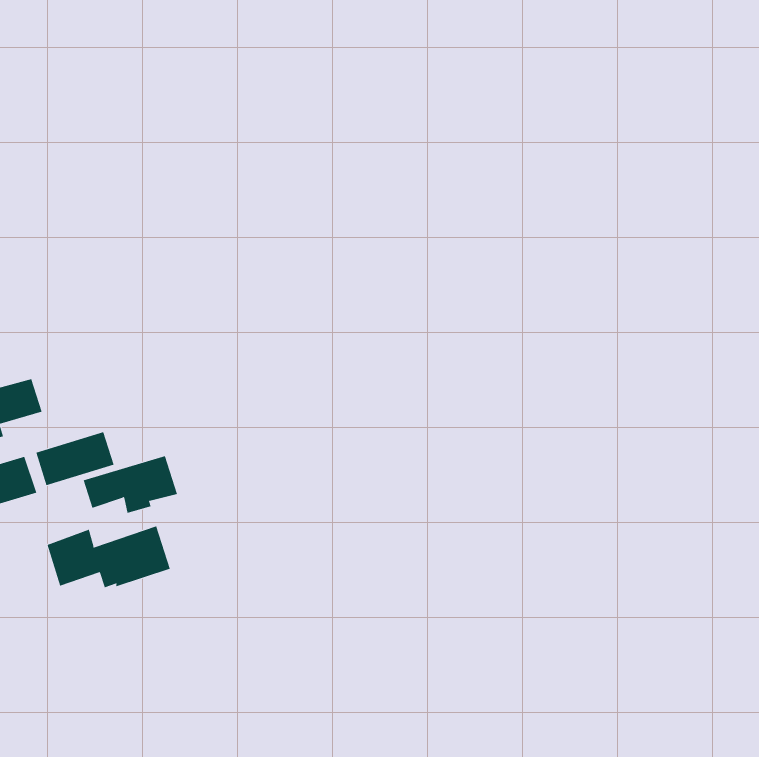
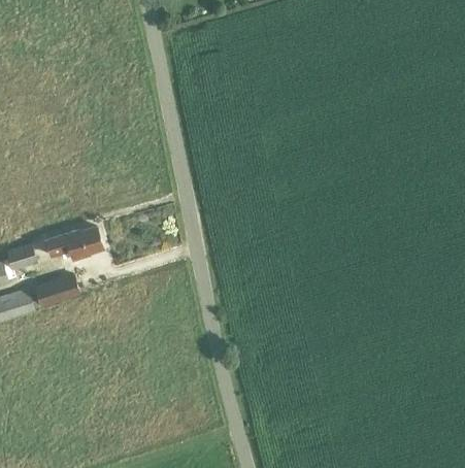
building: [83,456,178,514] -> [47,226,103,260]
building: [47,525,171,588] -> none

